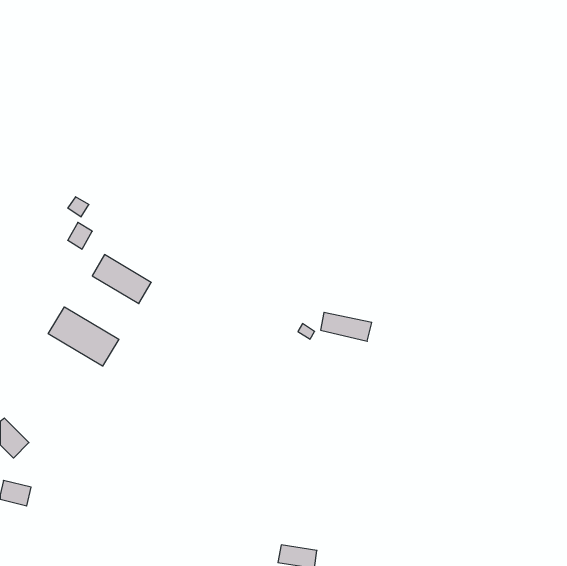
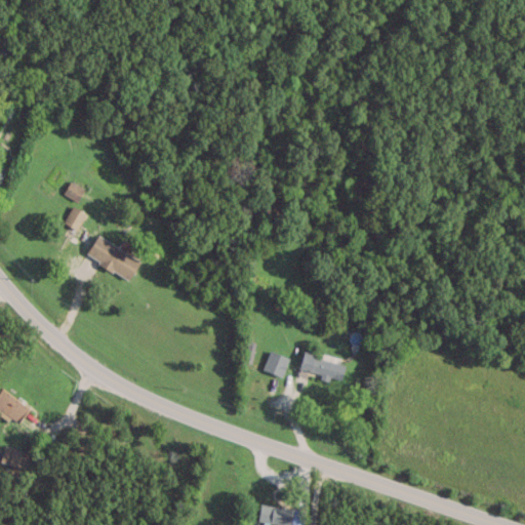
building: [48,307,119,366] -> none
building: [321,312,372,341] -> [299,355,347,381]
building: none -> [262,352,288,377]

